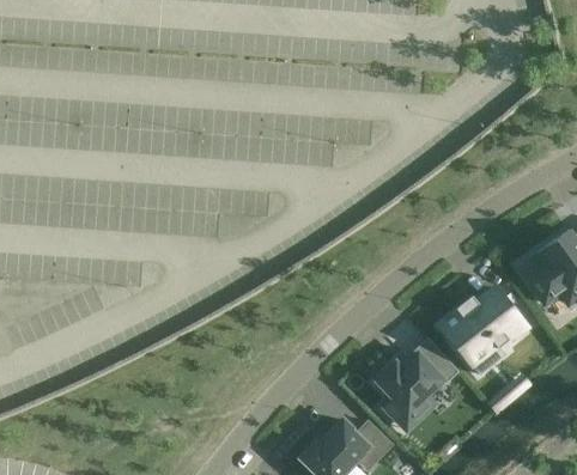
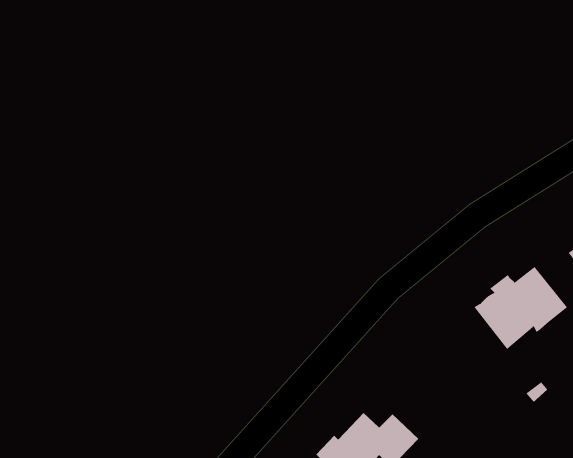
building: [375,340,457,422] -> none

